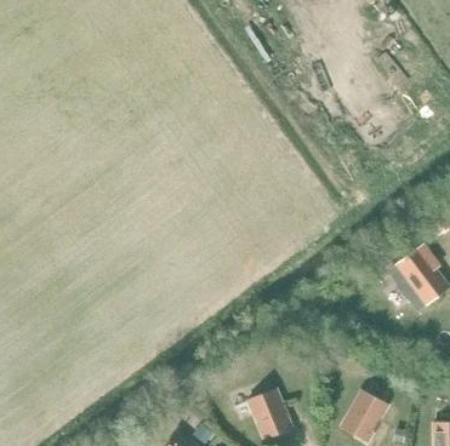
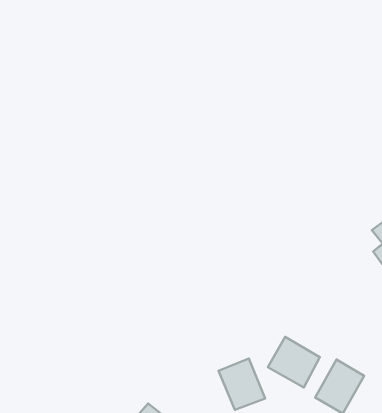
building: none -> [268,337,320,387]

